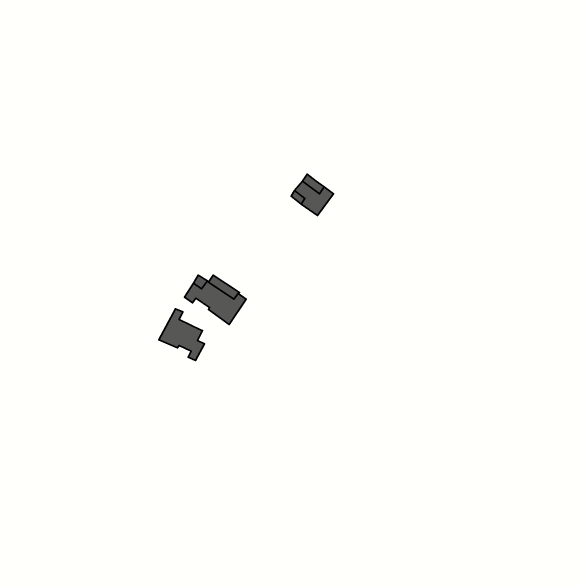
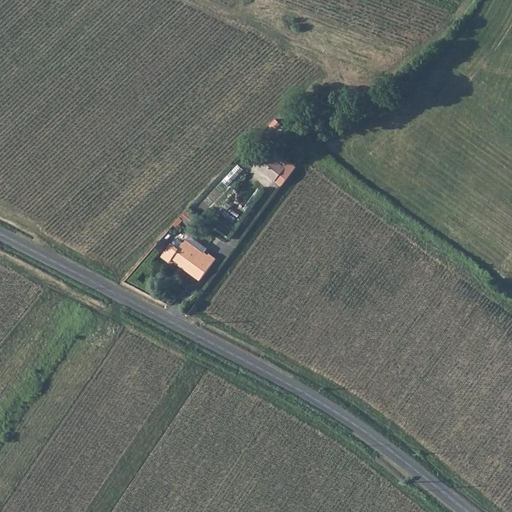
building: [159,309,205,360] -> none

